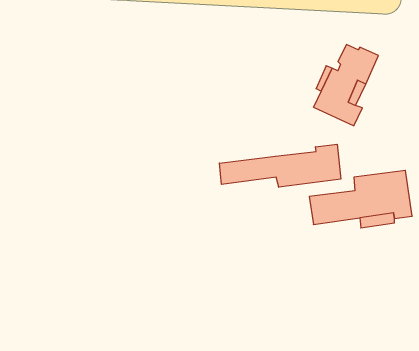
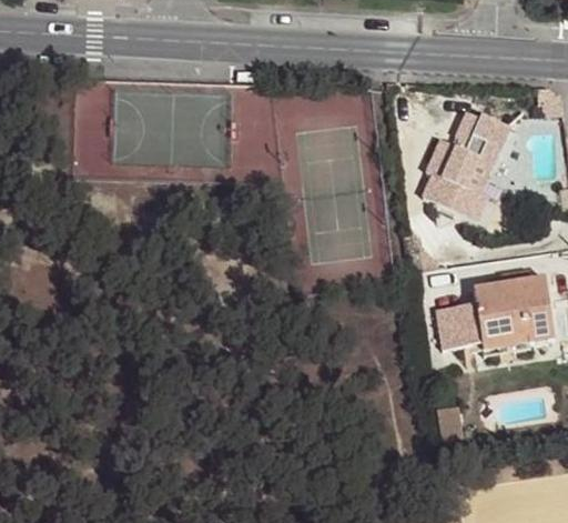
building: [219,144,341,187] -> none

